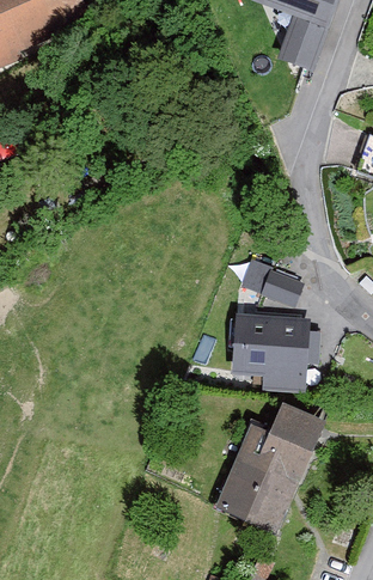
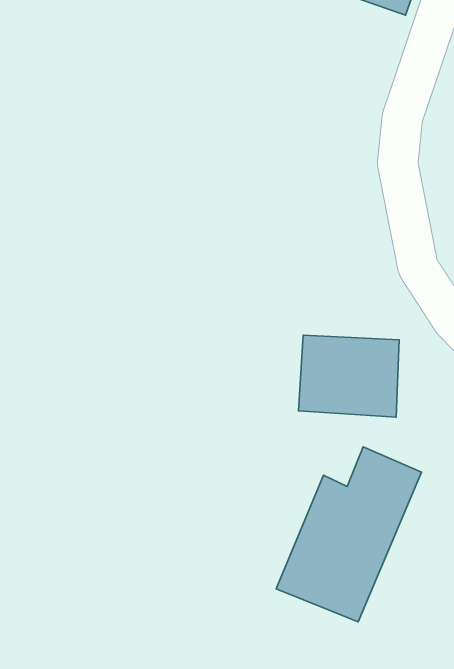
building: [241,262,304,306] -> none

